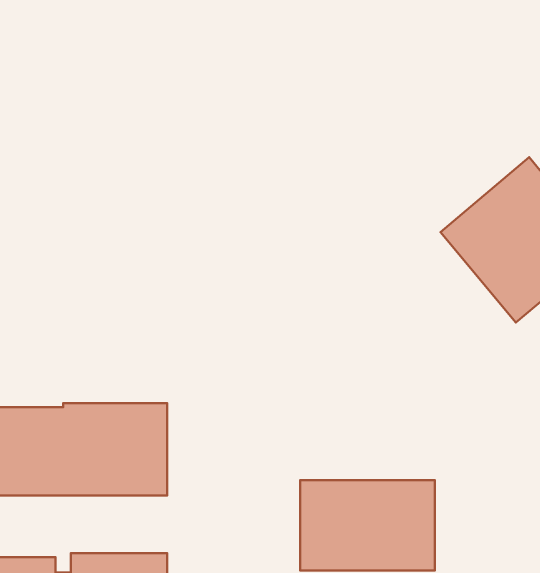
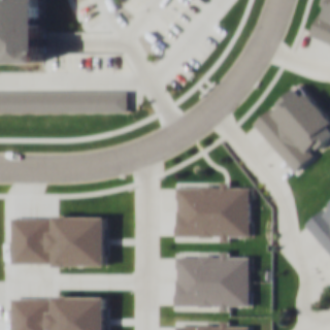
building: none -> [176,187,251,239]

